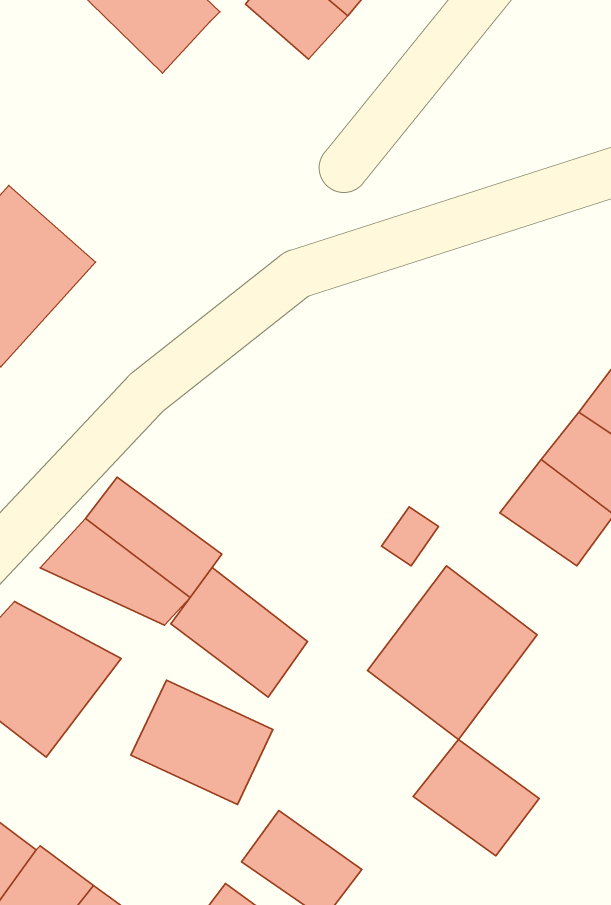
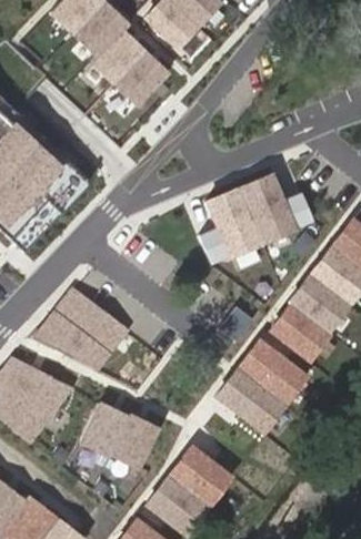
building: none -> [92,31,169,106]
building: none -> [202,169,299,260]
building: none -> [268,307,331,365]
building: [171,567,307,697] -> none
building: [413,739,539,856] -> [163,443,234,508]

